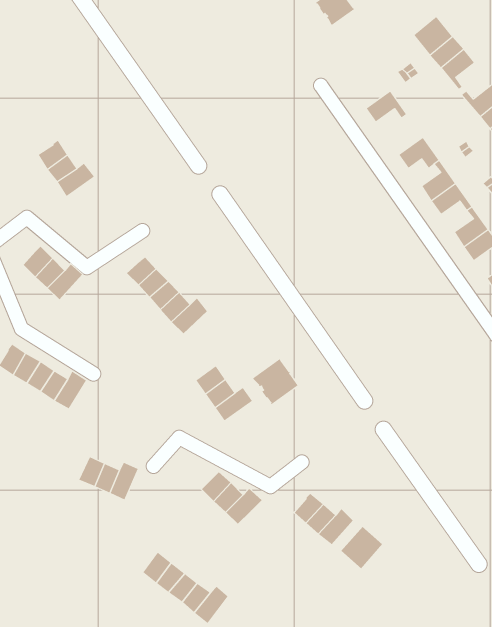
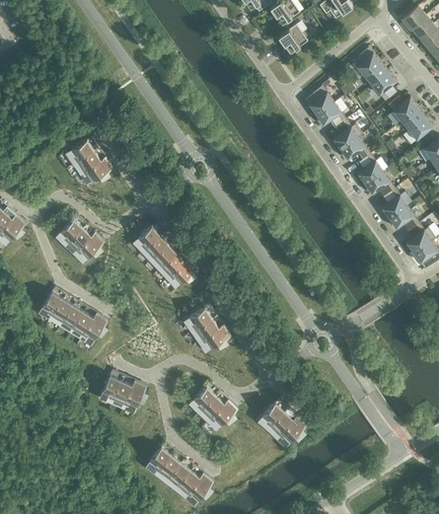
building: none -> [304,86,334,117]
building: none -> [333,121,362,151]
building: [253,358,299,405] -> none
building: [341,526,383,569] -> none

